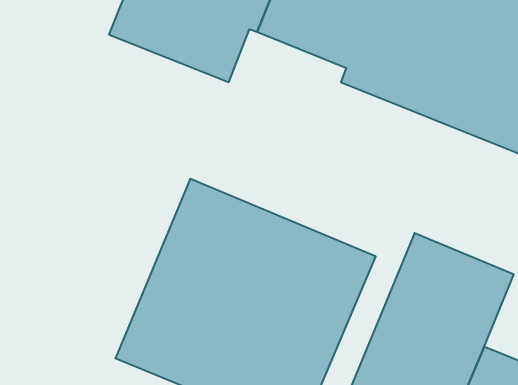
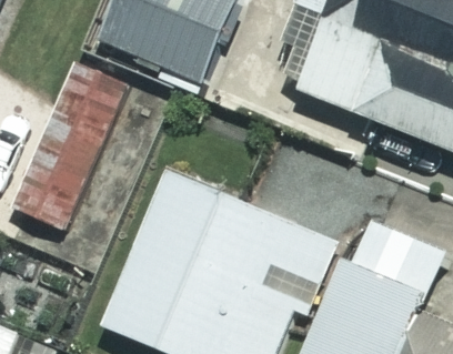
building: none -> [14,63,131,230]

